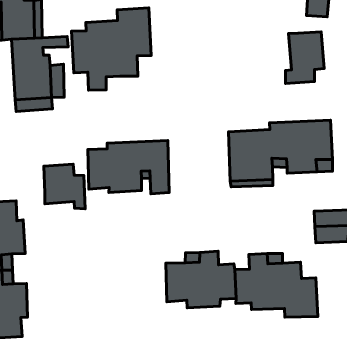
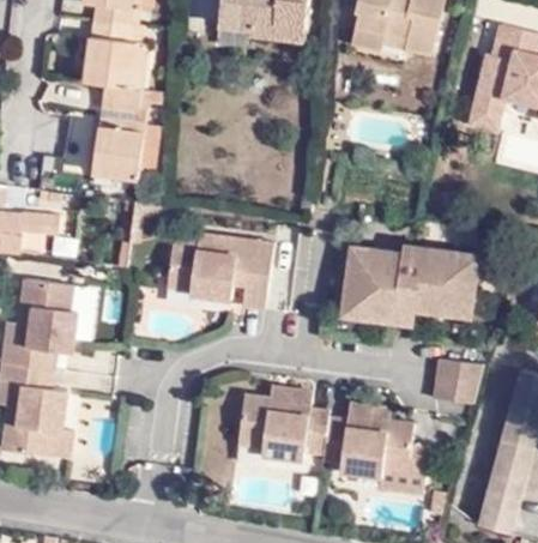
building: [71,8,151,90] -> none
building: [286,32,324,83] -> none
building: [44,164,85,209] -> none

